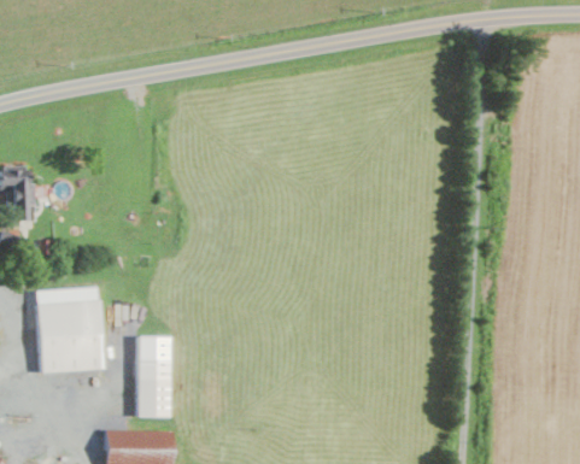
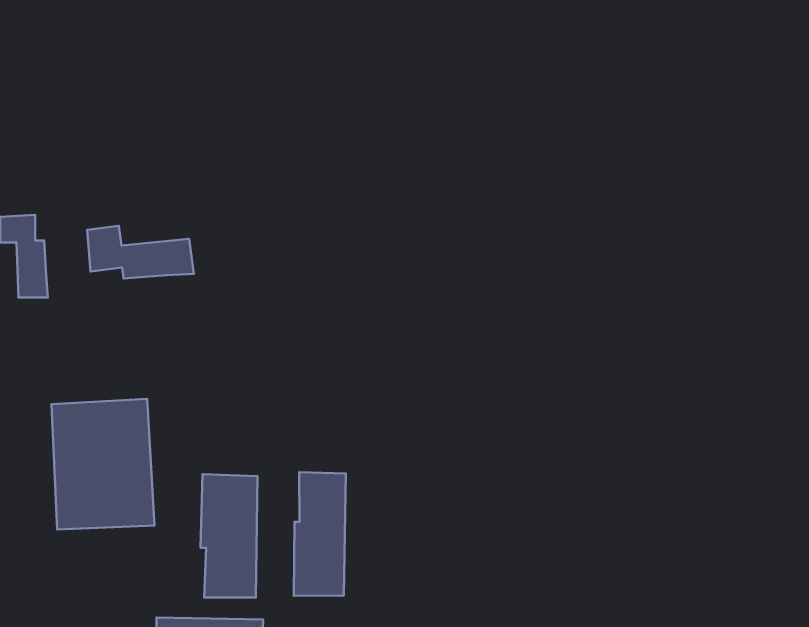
building: none -> [87,226,194,278]
building: none -> [294,472,346,596]

